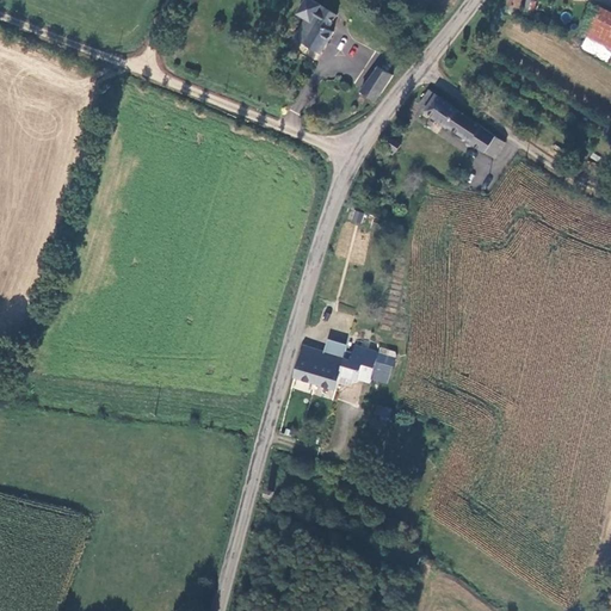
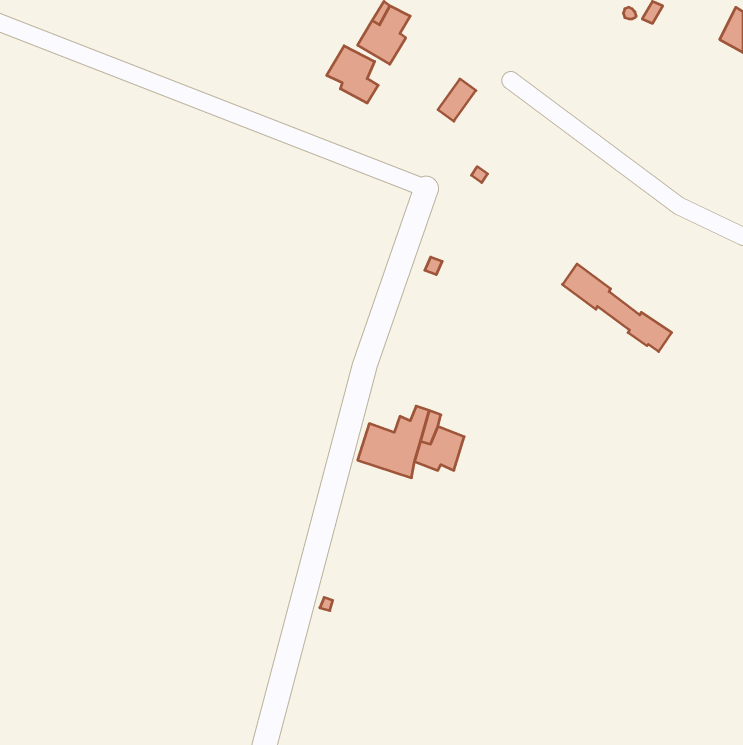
building: none -> [327,46,378,103]
building: [421,93,511,165] -> [562,264,672,352]

